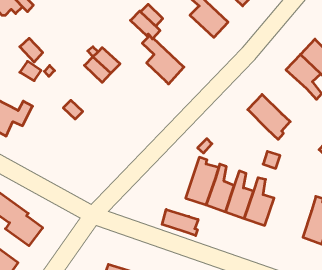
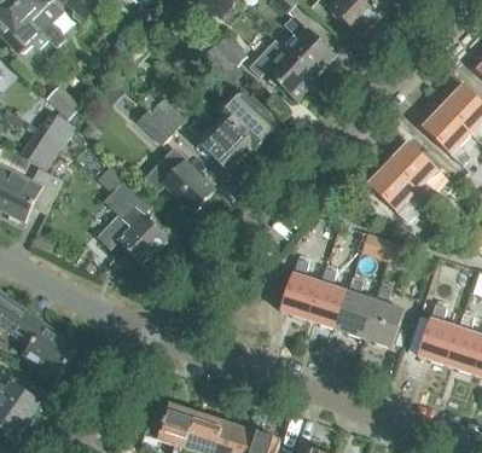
building: none -> [265,50,319,103]
building: none -> [201,108,251,167]
building: none -> [22,130,64,170]
building: none -> [388,140,446,204]
building: none -> [146,147,214,211]
building: none -> [117,203,167,262]
building: none -> [417,297,458,365]
building: [162,209,198,236] -> none

